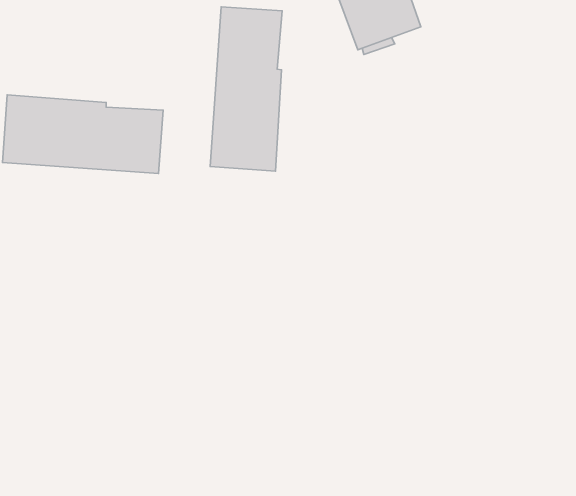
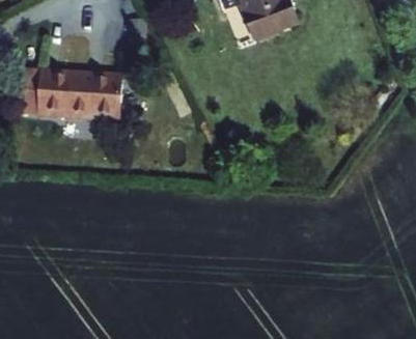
building: [210,7,282,171] -> none

